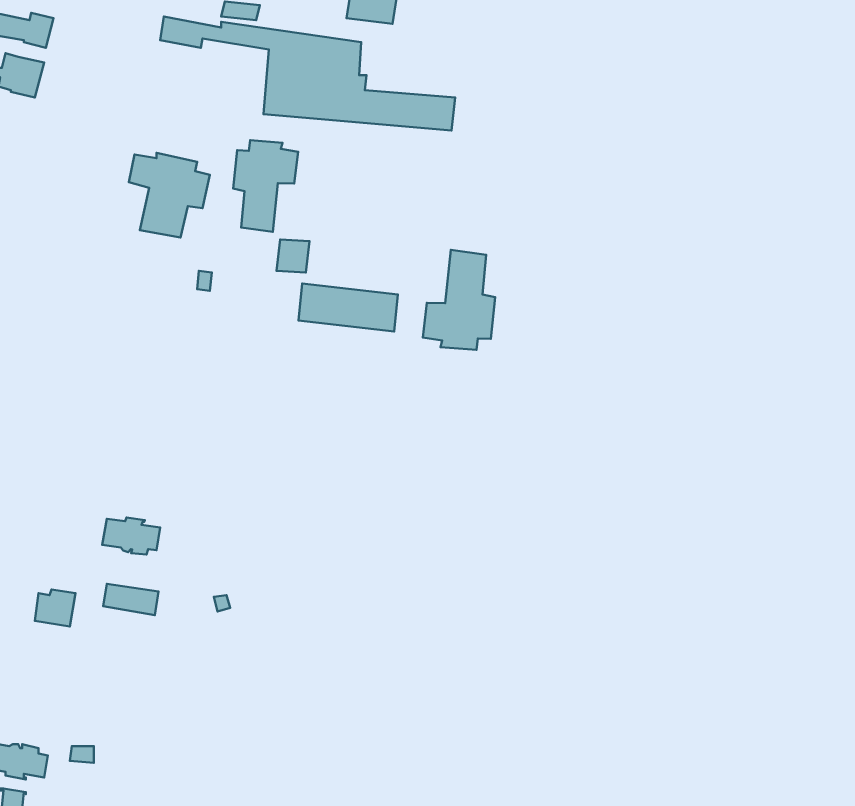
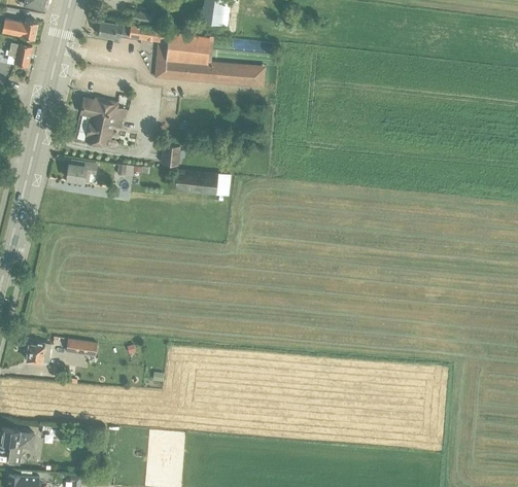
building: [233,140,298,232] -> none
building: [423,250,495,350] -> none
building: none -> [66,161,95,182]
building: [102,518,160,555] -> none

